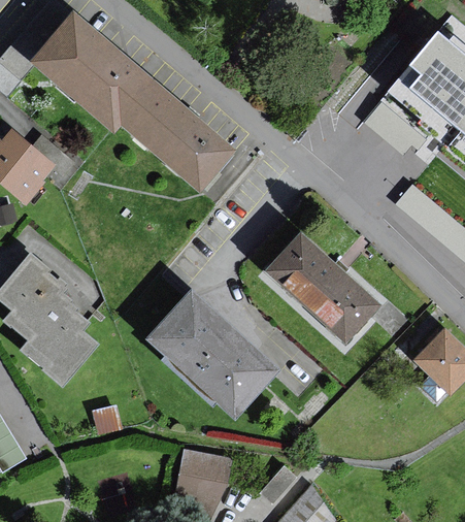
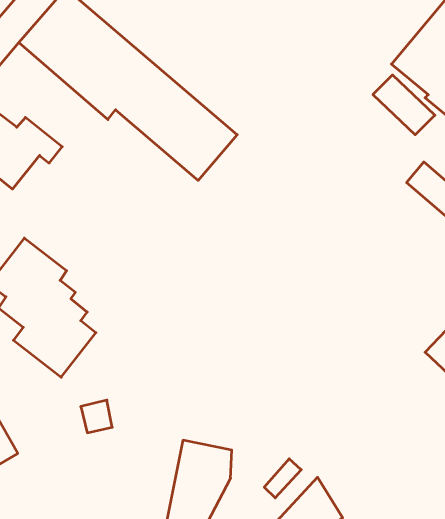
building: [268,234,377,339] -> none
building: [151,293,275,415] -> none

